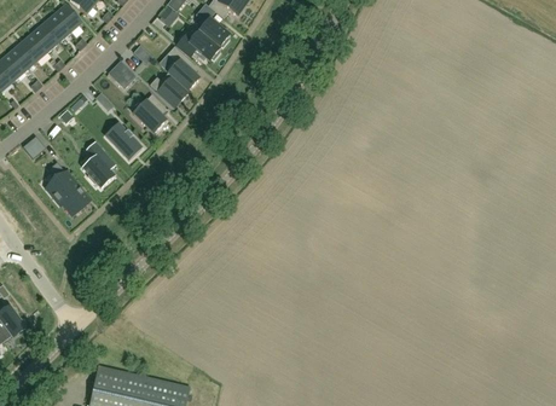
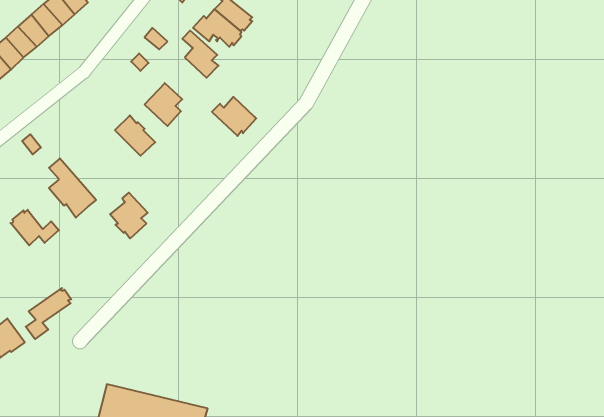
building: [150,71,190,106] -> [212,97,256,136]
building: [82,147,116,188] -> [110,193,148,238]
building: none -> [10,210,59,245]
building: none -> [26,288,71,339]

